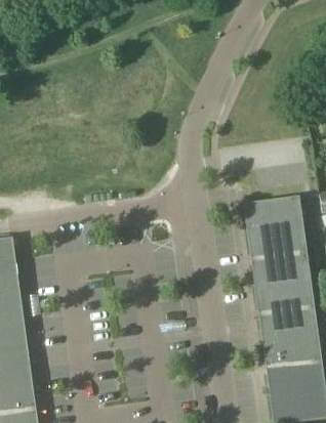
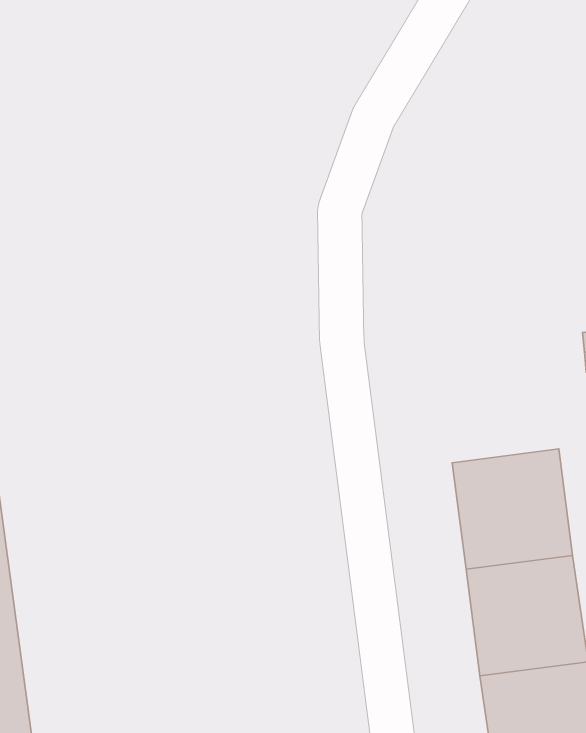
building: [244,196,308,258] -> none

